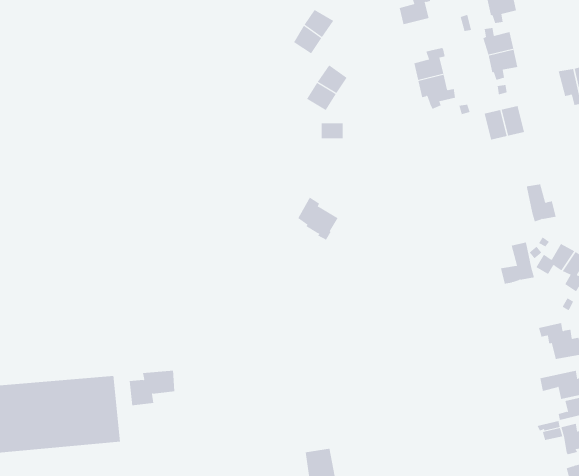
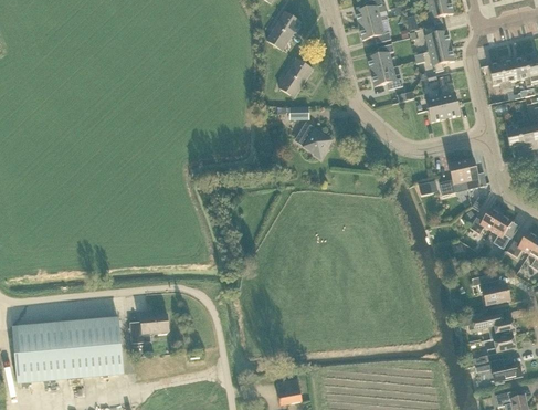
building: none -> [358,20,390,43]
building: [297,197,338,241] -> [296,123,330,159]
building: [500,242,535,284] -> [439,160,467,196]

